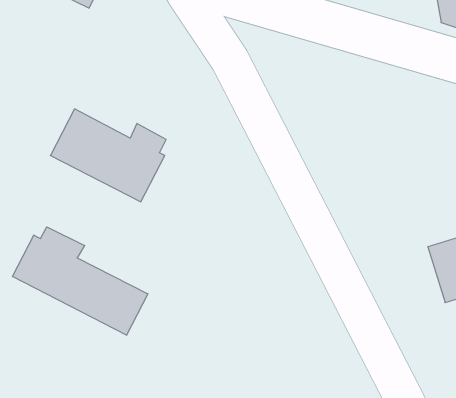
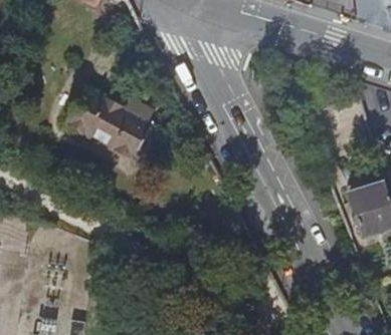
building: [13,227,148,335] -> none

